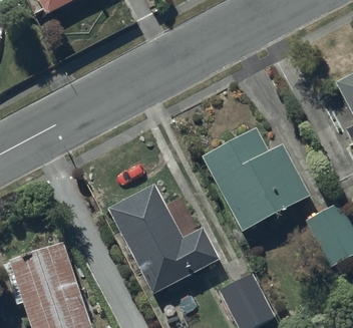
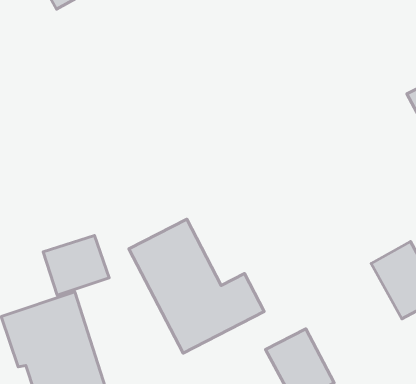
building: [202,127,310,232] -> none
building: none -> [43,235,109,295]

